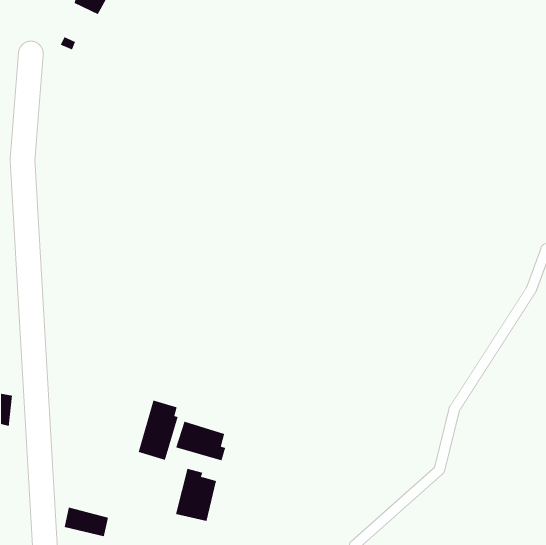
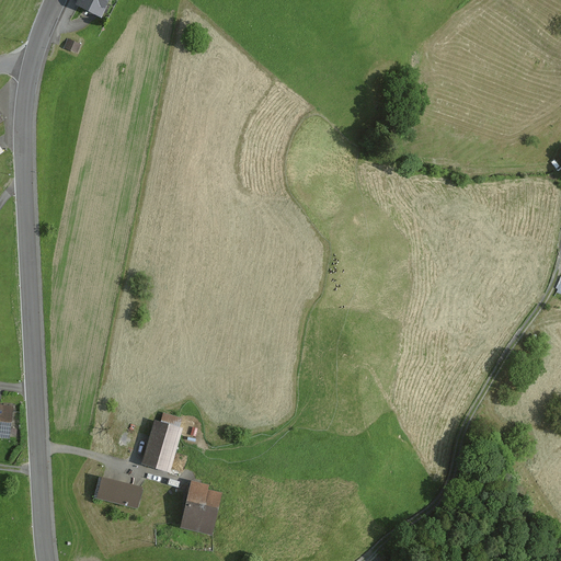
building: [176,421,226,461] -> none
building: [64,507,109,537] -> [93,476,139,506]

